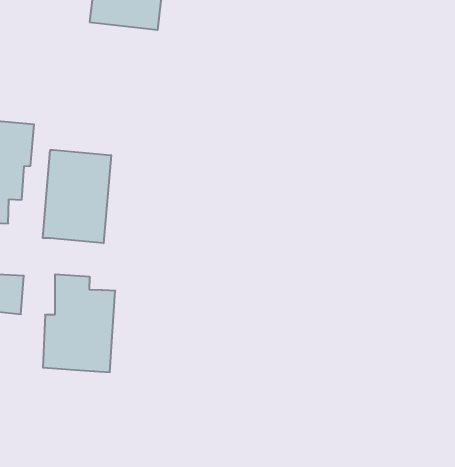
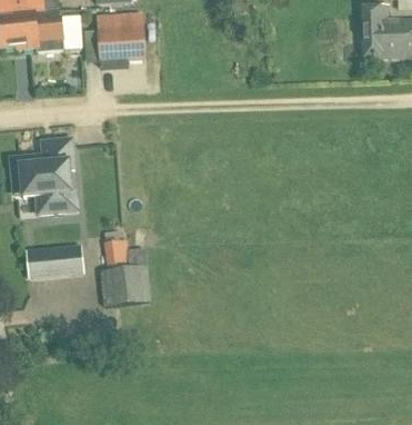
building: [43,150,111,243] -> none

